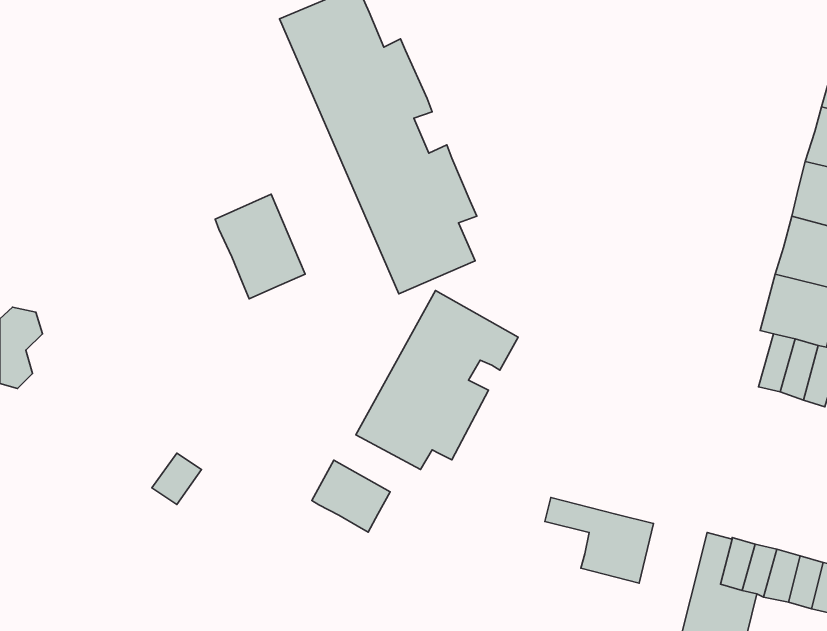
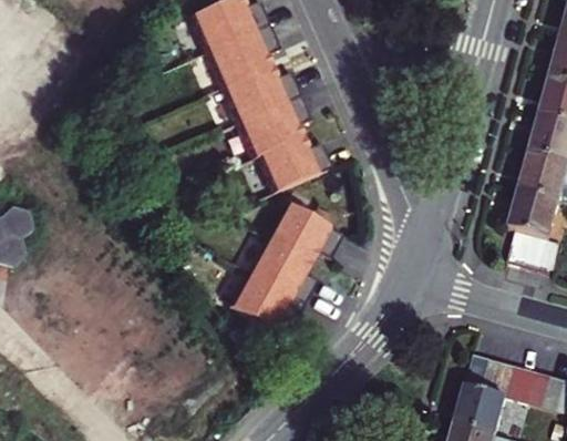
building: [215,194,305,299] -> none
building: [312,460,390,532] -> none
building: [545,497,653,583] -> none

